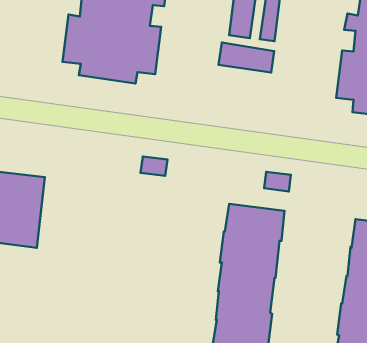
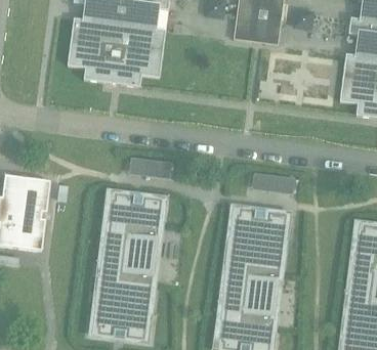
building: [219,42,274,72] -> none
building: none -> [90,190,165,340]

